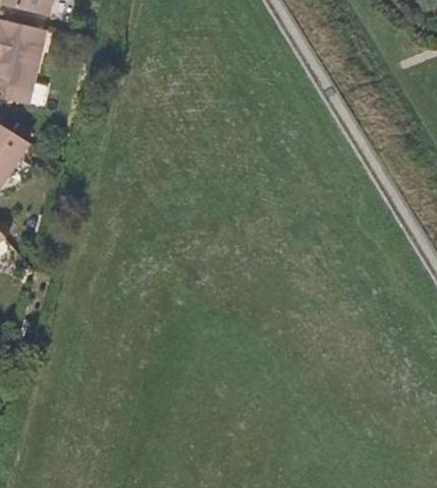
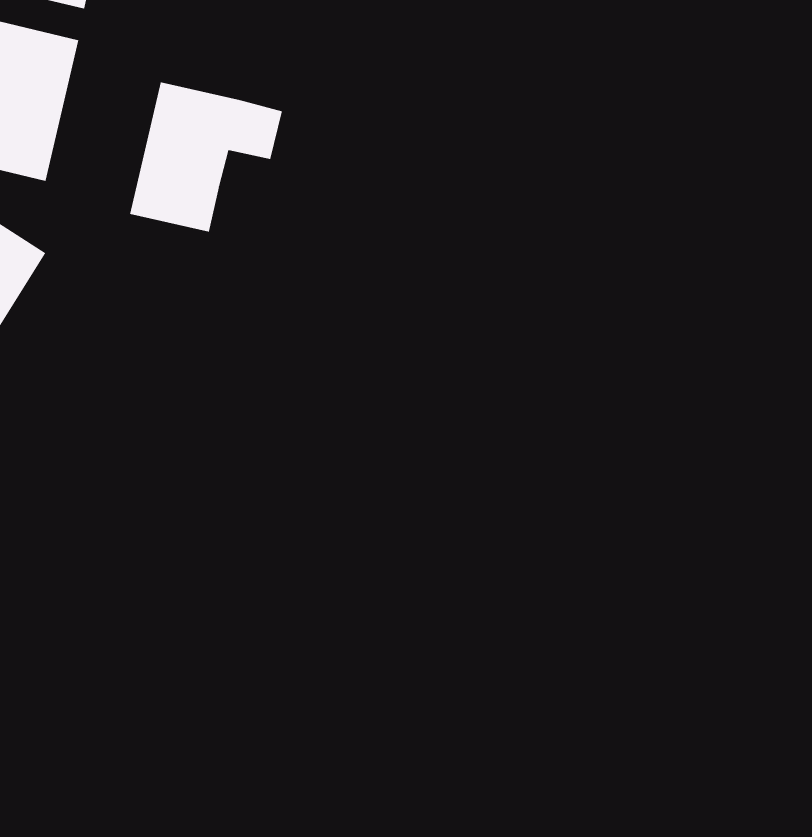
building: none -> [130,82,282,233]

